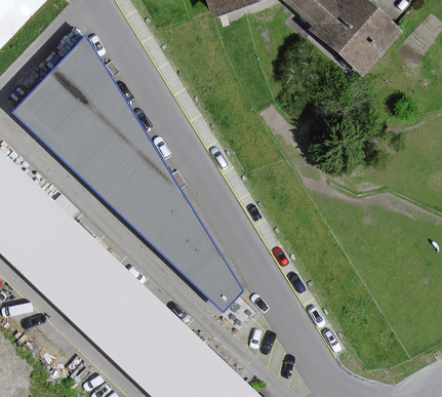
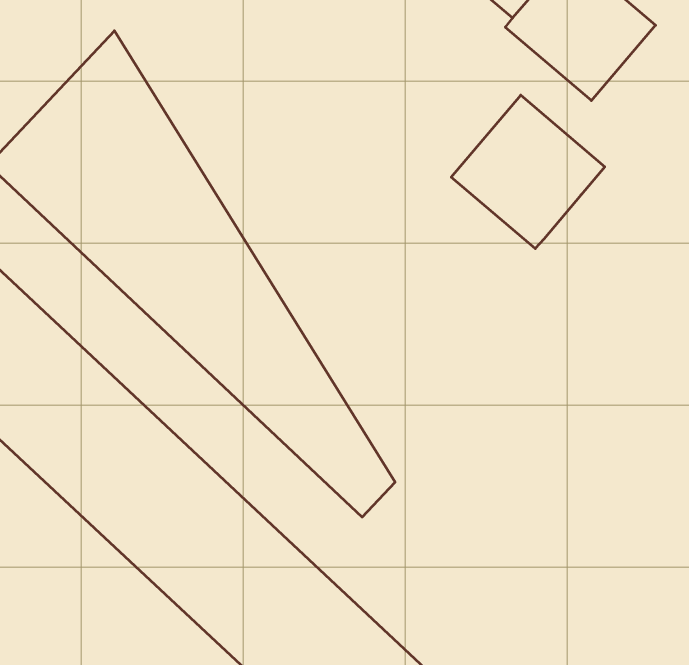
building: none -> [451,95,605,249]

